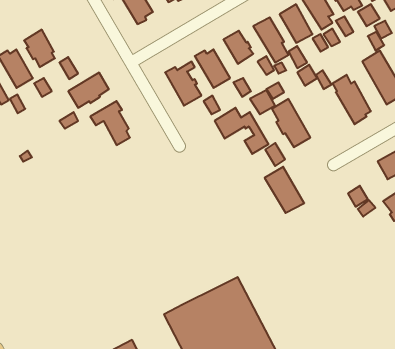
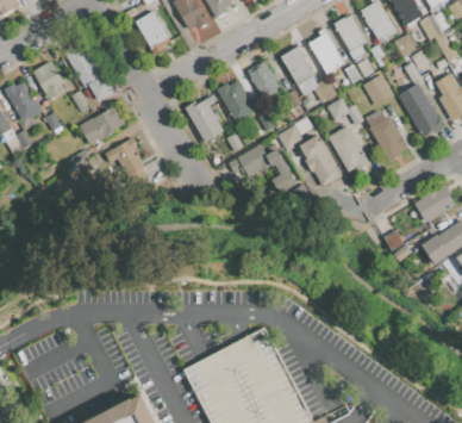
building: none -> [64,39,113,101]
building: none -> [362,74,393,105]
building: [265,167,304,213] -> [327,125,370,175]

